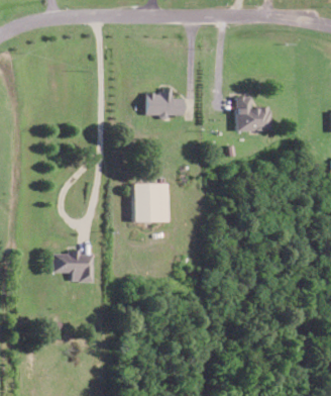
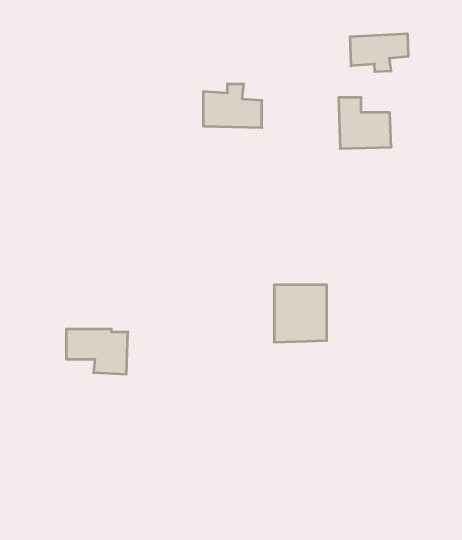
building: none -> [350,34,408,72]
building: [131,184,167,222] -> [274,285,327,342]

